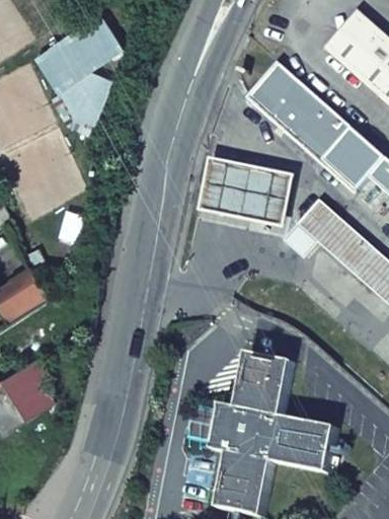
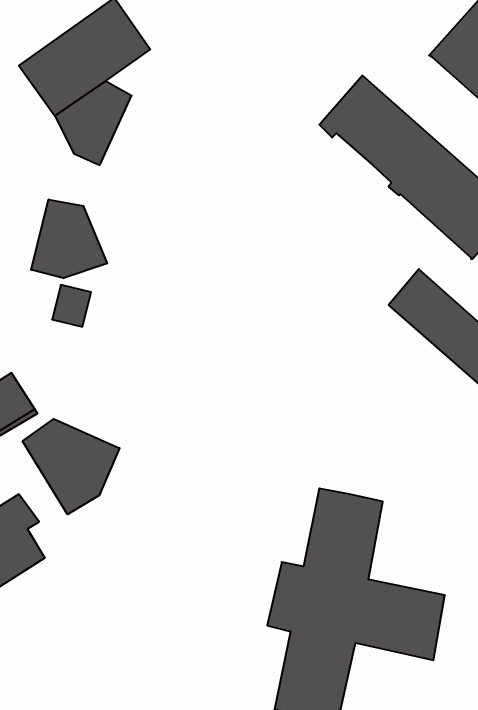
building: none -> [31,199,107,278]
building: [199,159,291,225] -> none
building: none -> [23,419,120,514]

